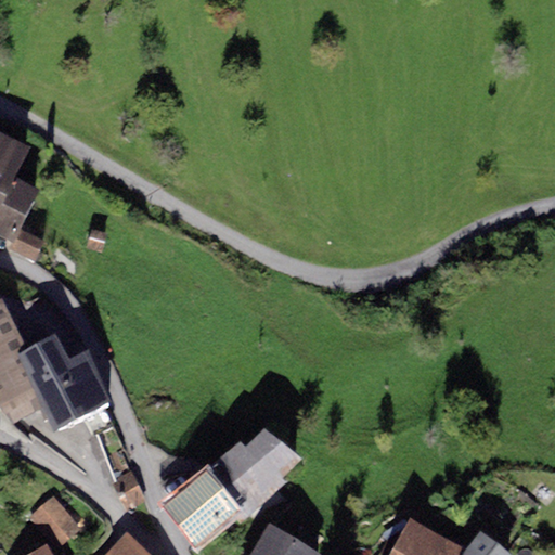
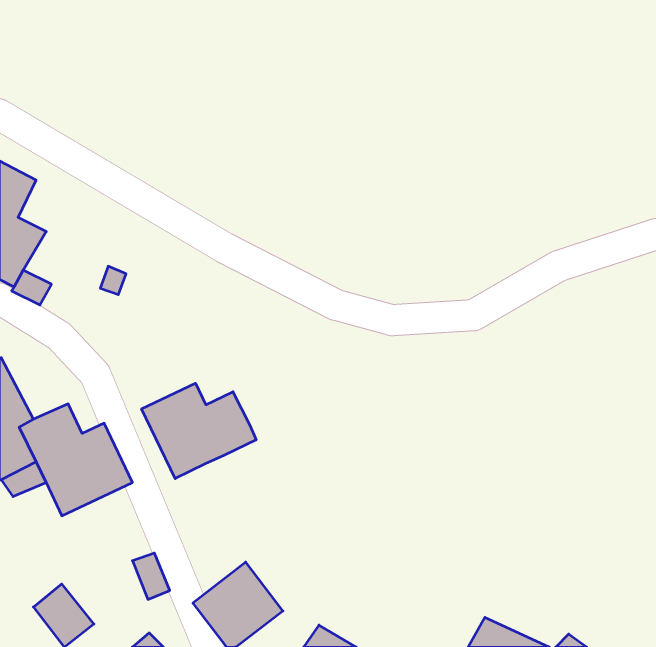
building: none -> [142,383,256,479]
building: [204,436,301,520] -> none

